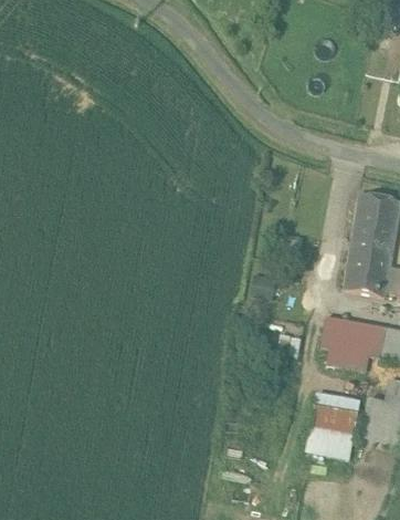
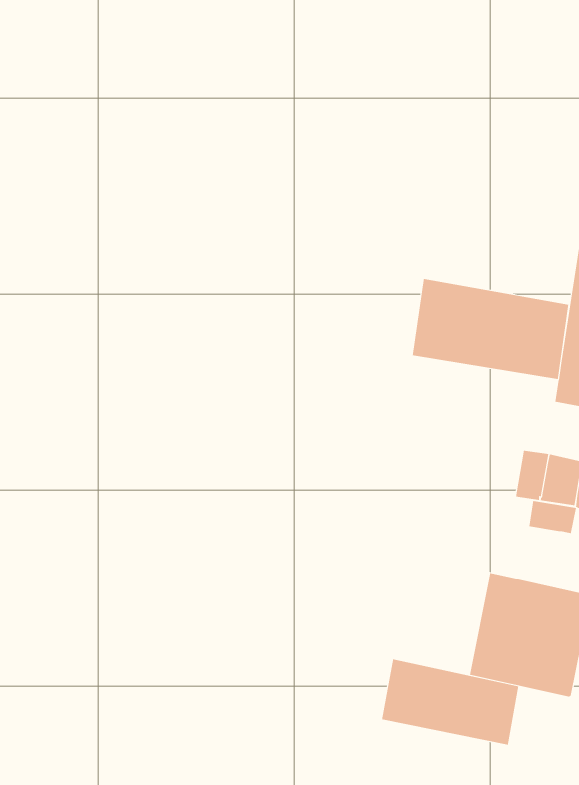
building: none -> [412,278,569,380]
building: none -> [381,659,519,746]

